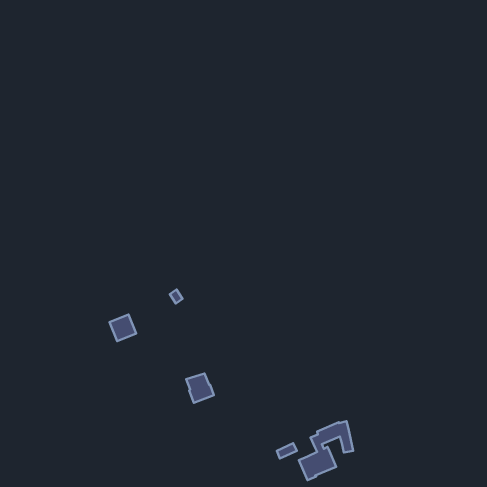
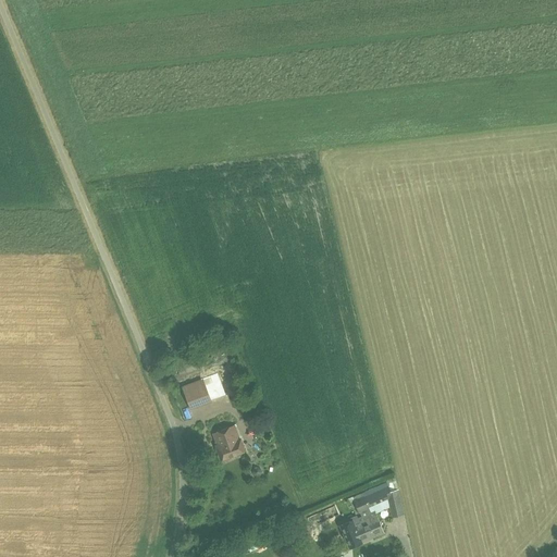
building: [109,314,136,341] -> [181,377,211,408]

